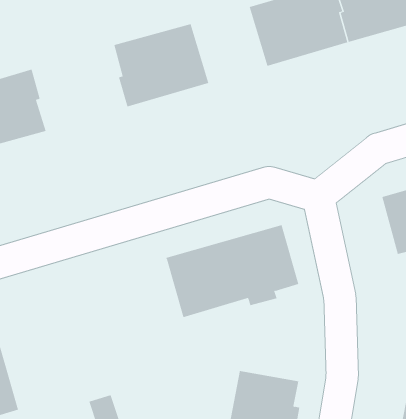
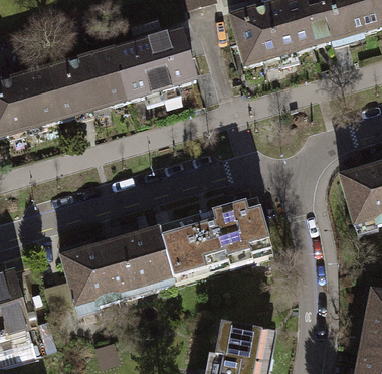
building: none -> [47,46,127,119]
building: none -> [62,226,174,304]

